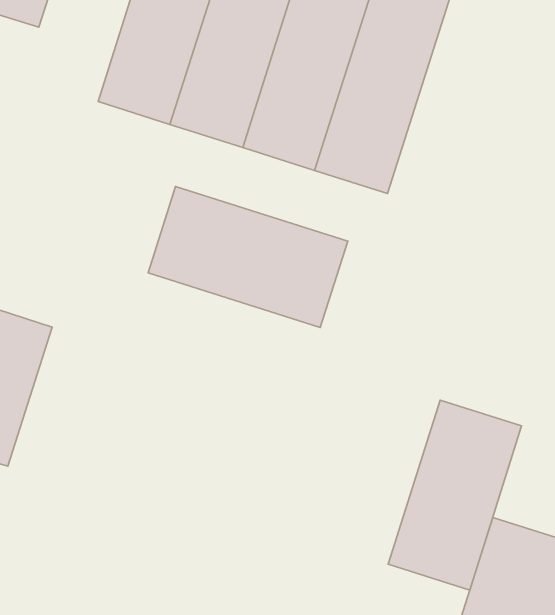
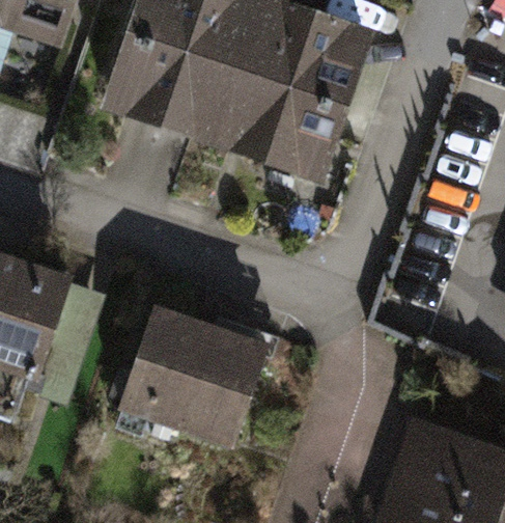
building: [148,187,348,327] -> none
building: none -> [118,301,268,446]
building: [388,400,522,590] -> none

